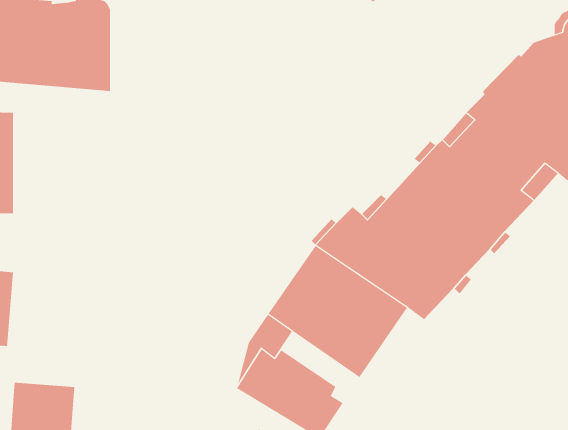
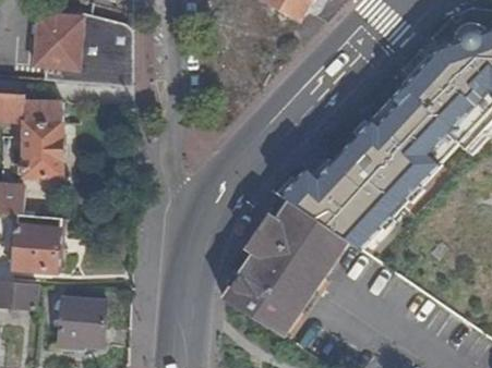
building: none -> [255,260,313,312]

